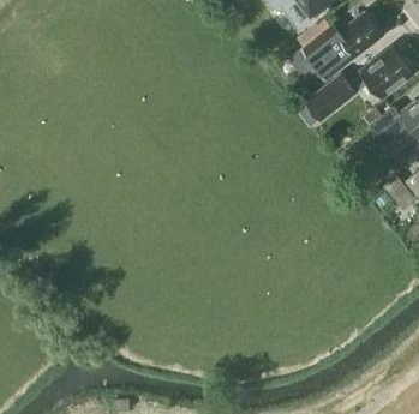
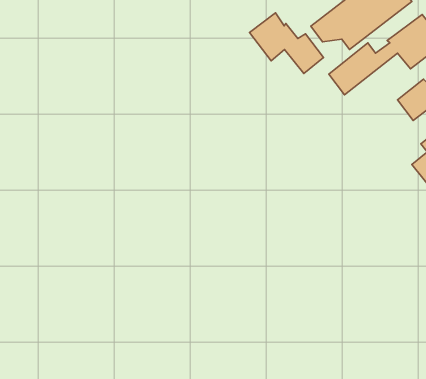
building: none -> [249,13,323,73]

